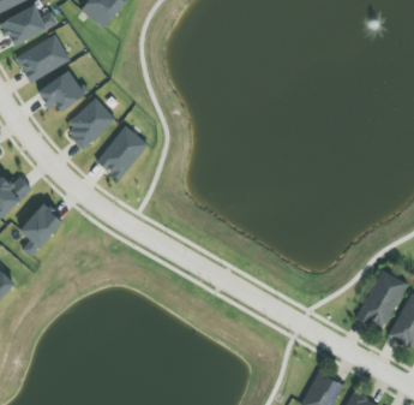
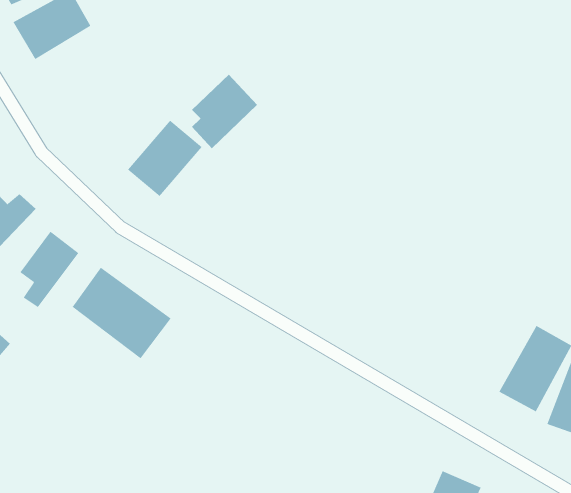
building: [36,69,86,111] -> none
building: [68,97,115,150] -> [191,74,258,149]
building: none -> [72,267,171,359]

